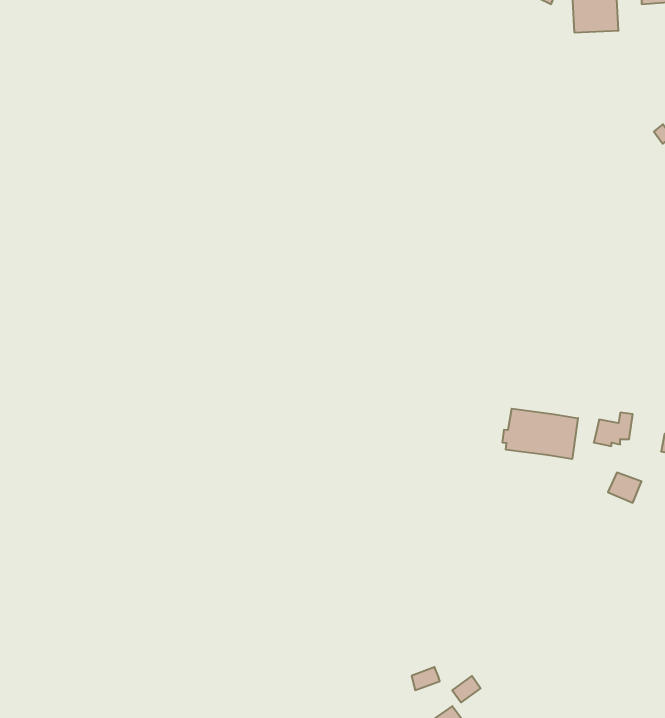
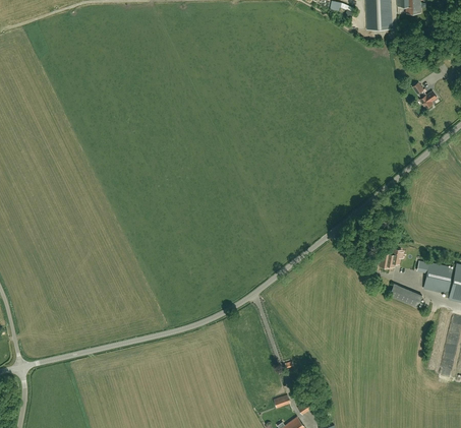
building: [503,409,578,459] -> none

